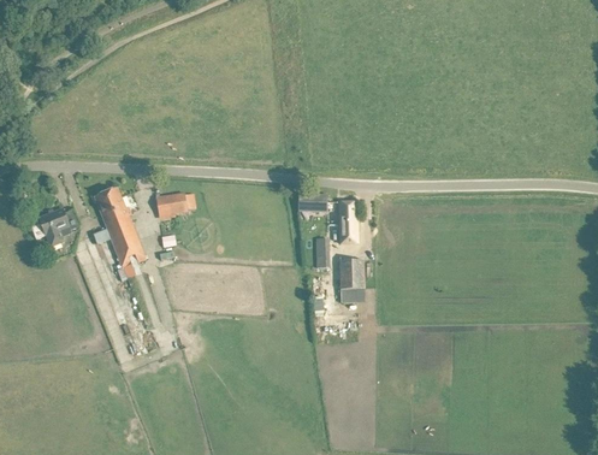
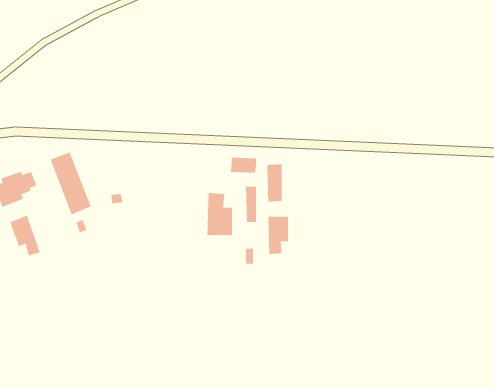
building: [156,194,188,215] -> none
building: none -> [207,192,233,236]
building: none -> [9,215,40,256]

